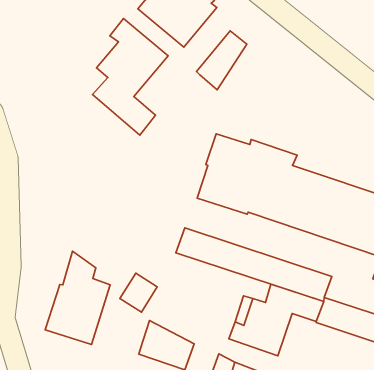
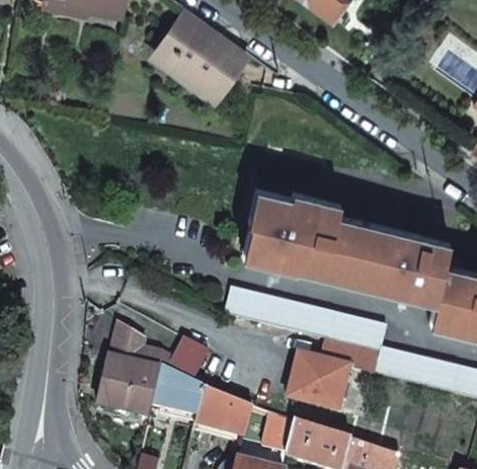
building: [92,19,168,135] -> none
building: [196,31,247,90] -> none
building: none -> [153,367,204,416]

